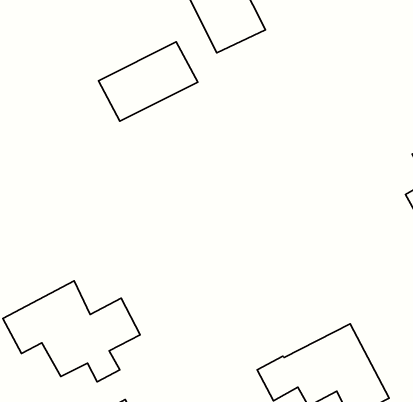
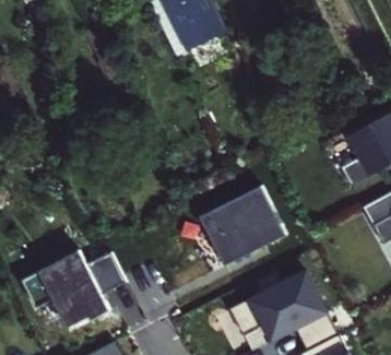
building: [98,42,198,121] -> none
building: none -> [193,175,279,253]

